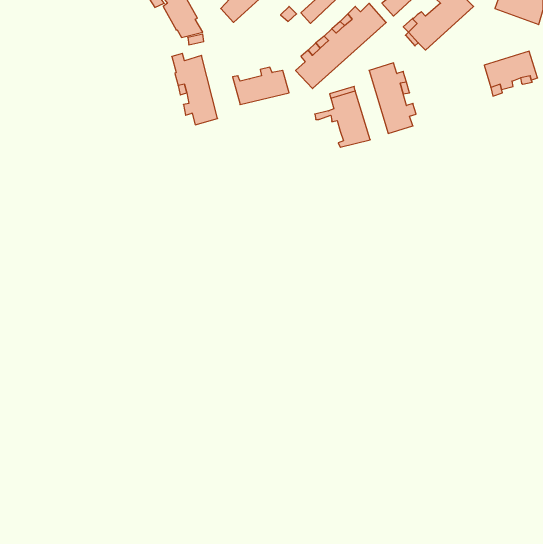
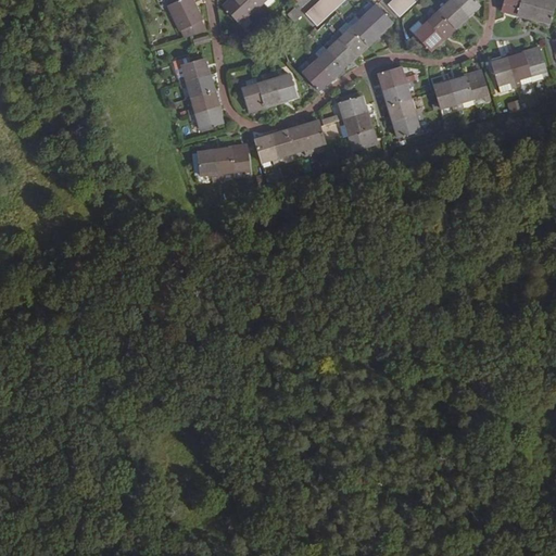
building: none -> [437,75,491,113]
building: none -> [254,118,324,164]
building: none -> [187,142,250,178]

